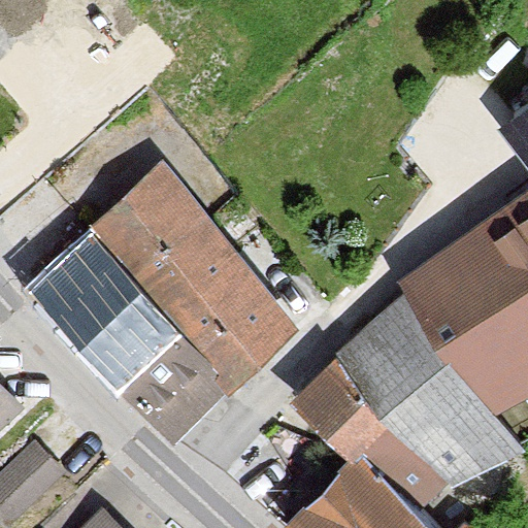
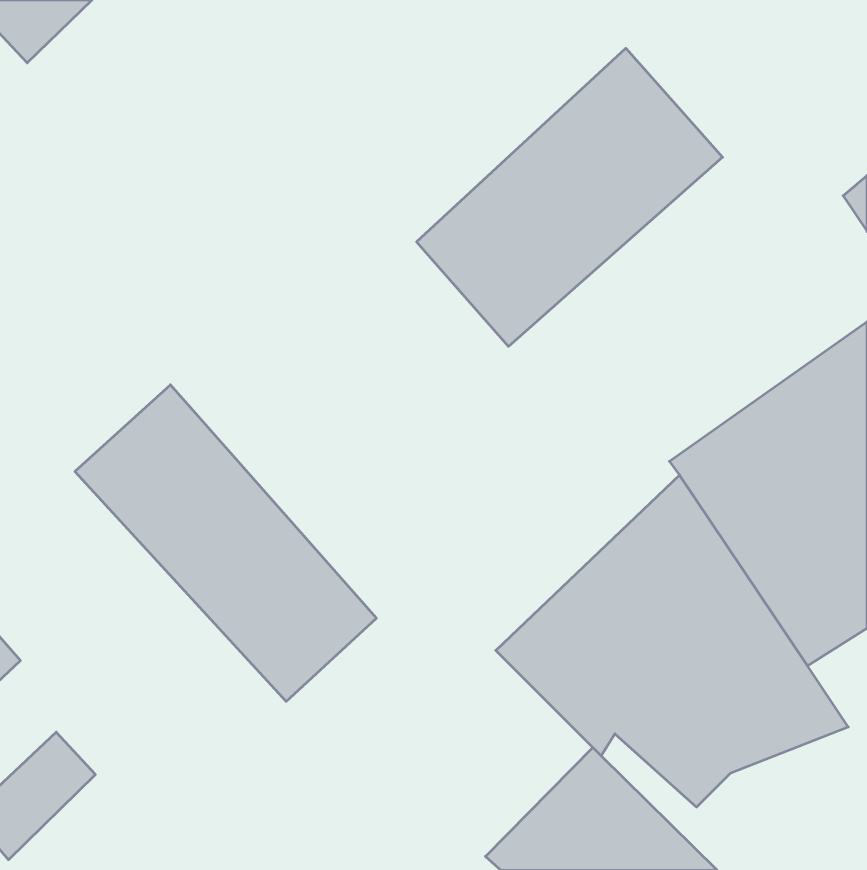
building: none -> [417,48,723,346]
building: [97,168,292,374] -> none

